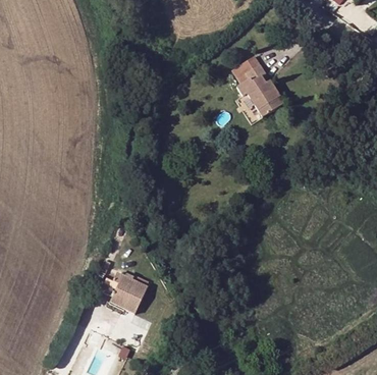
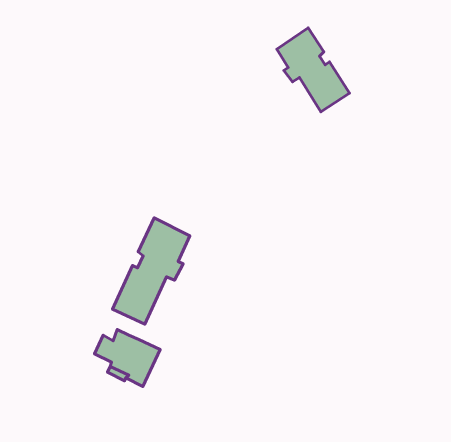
building: none -> [113,218,190,324]

